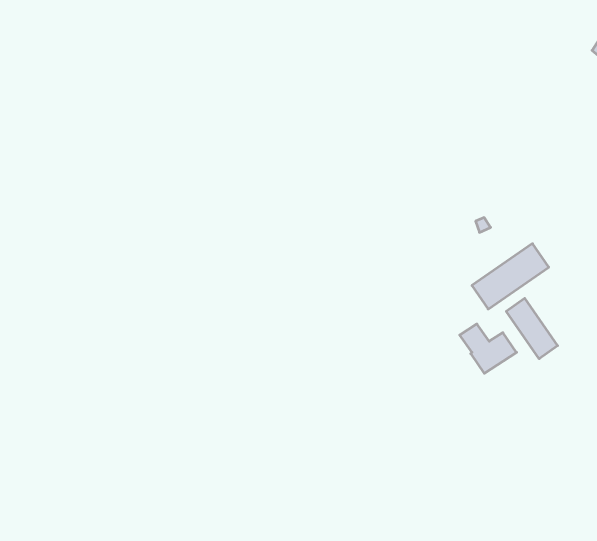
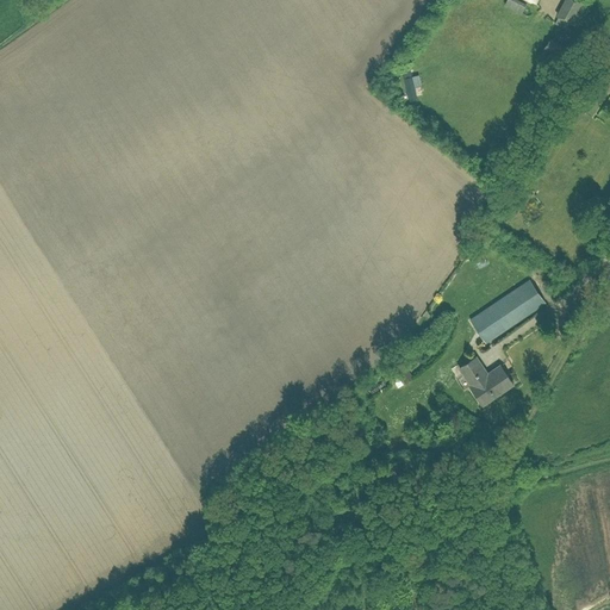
building: [506,298,558,359] -> none

